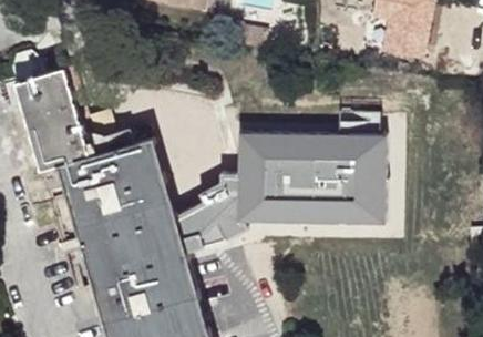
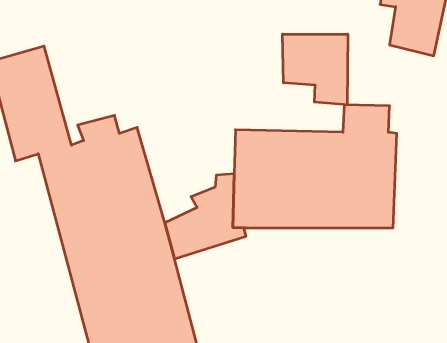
building: none -> [283,34,348,105]

